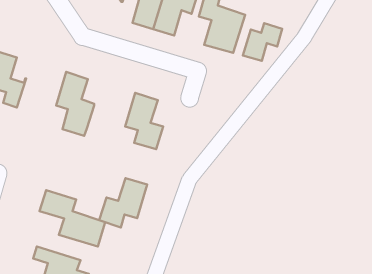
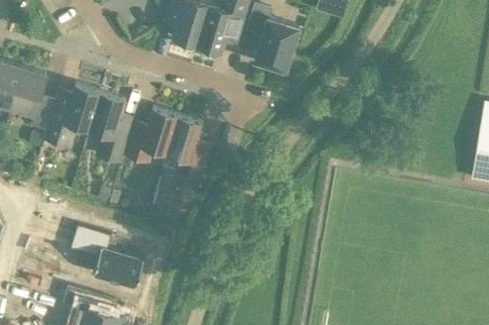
building: [243,23,282,61] -> none
building: none -> [44,86,101,147]
building: [99,178,147,227] -> [124,109,177,164]

